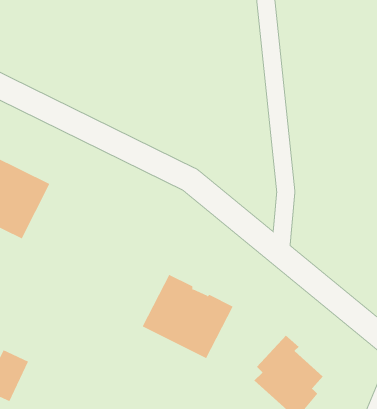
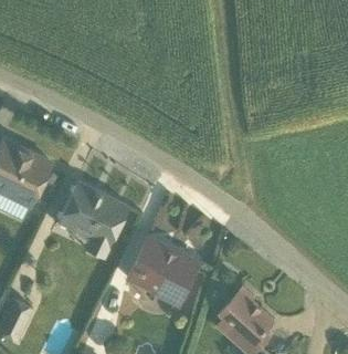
building: none -> [56,181,128,259]

